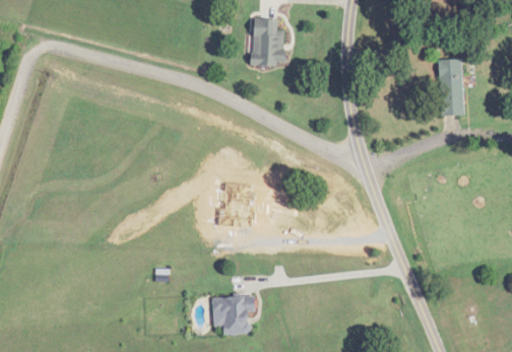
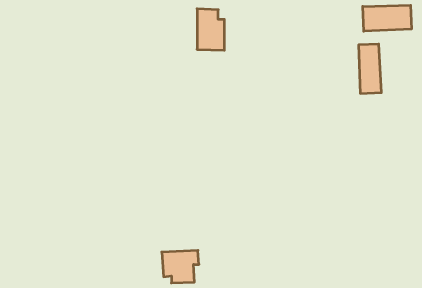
building: none -> [363,5,411,31]

